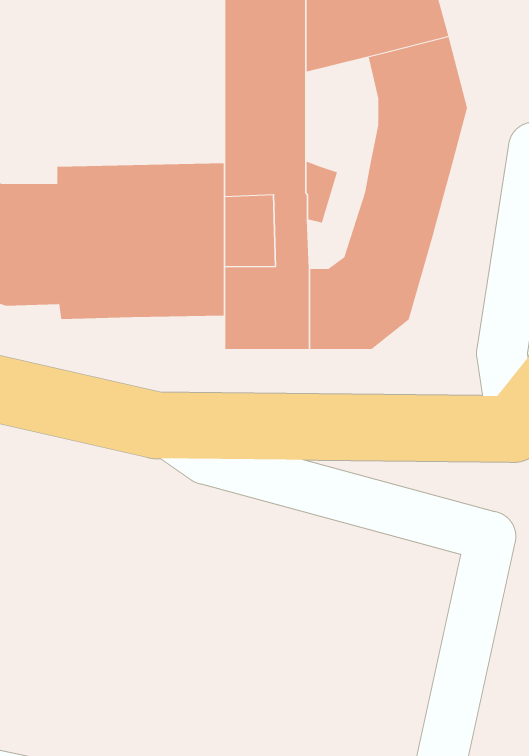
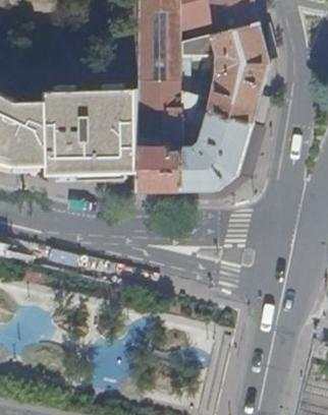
building: none -> [180,34,219,93]

